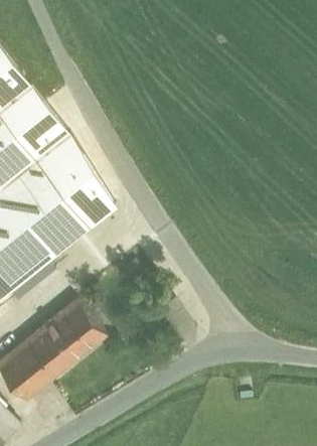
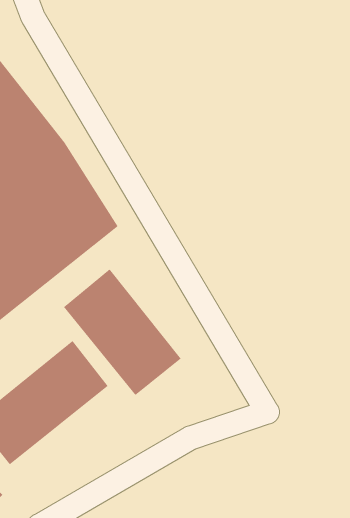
building: none -> [63,269,181,396]

